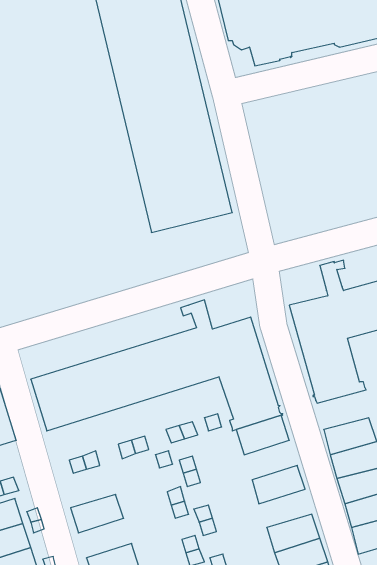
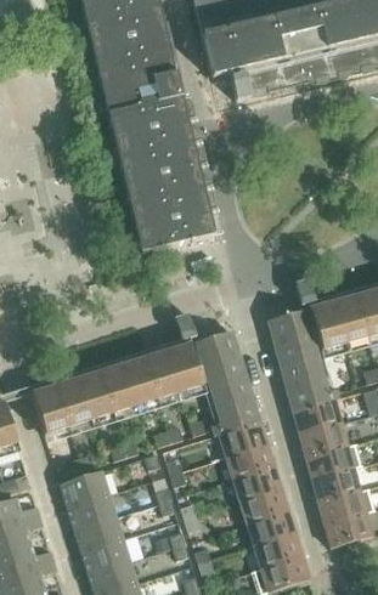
building: none -> [292,398,340,435]
building: none -> [226,444,275,481]
building: none -> [60,471,108,506]
building: none -> [239,489,288,525]
building: none -> [74,516,123,552]

